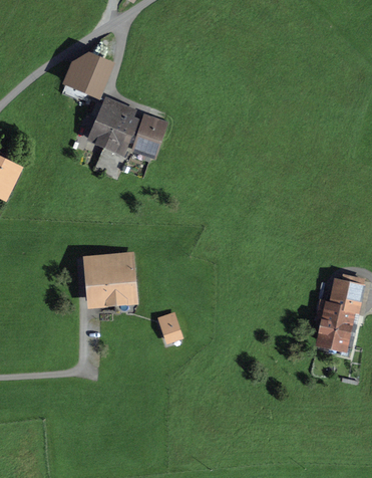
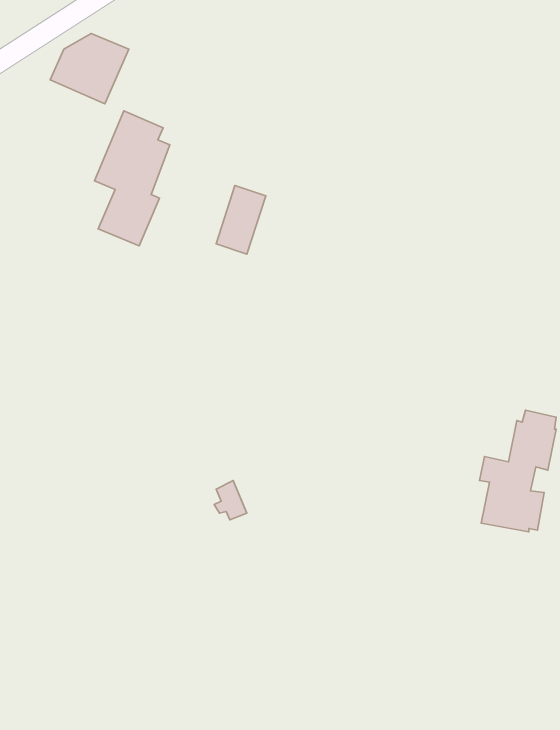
building: [133,115,162,156] -> [216,186,266,254]
building: [88,253,131,301] -> none

